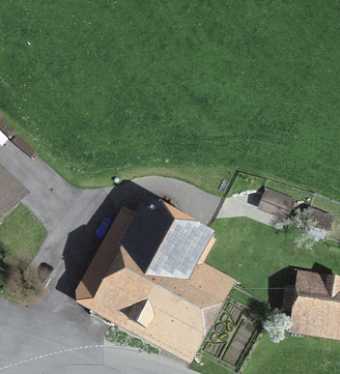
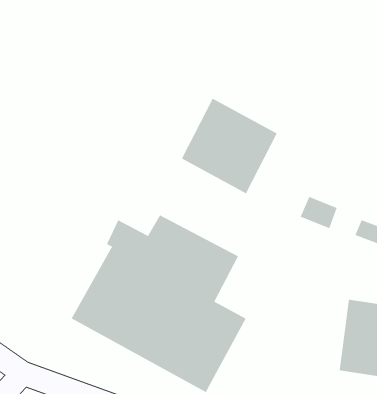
building: none -> [181,98,277,194]

